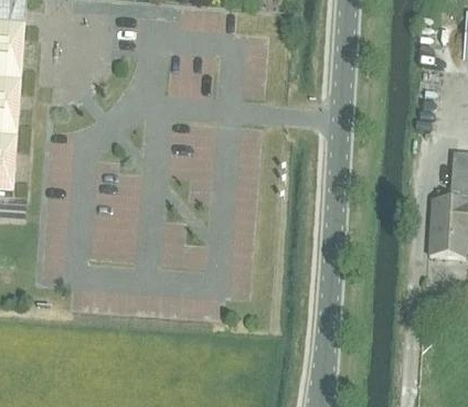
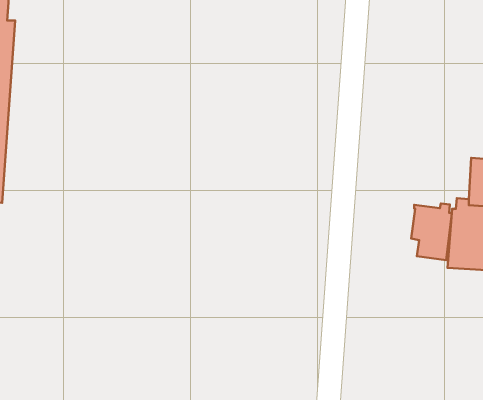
building: none -> [411,204,452,260]

